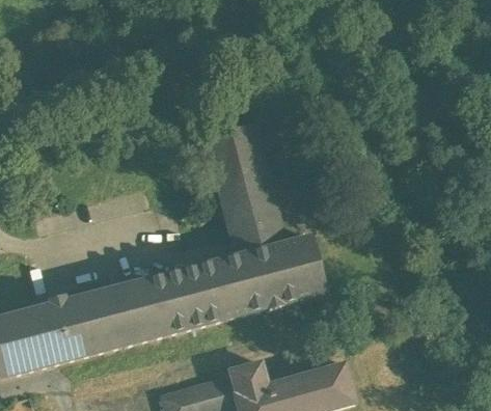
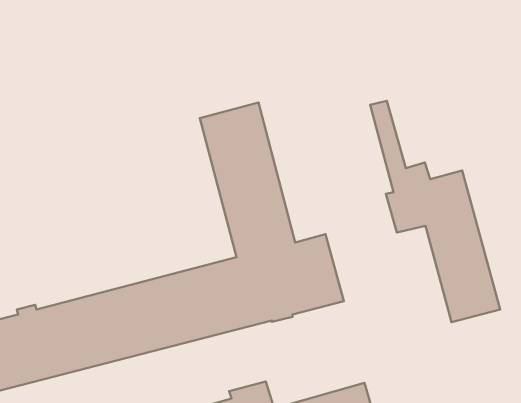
building: none -> [370,101,500,322]

